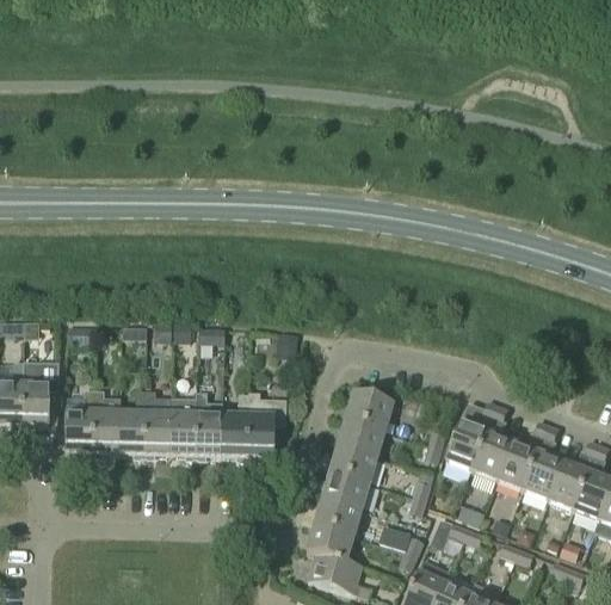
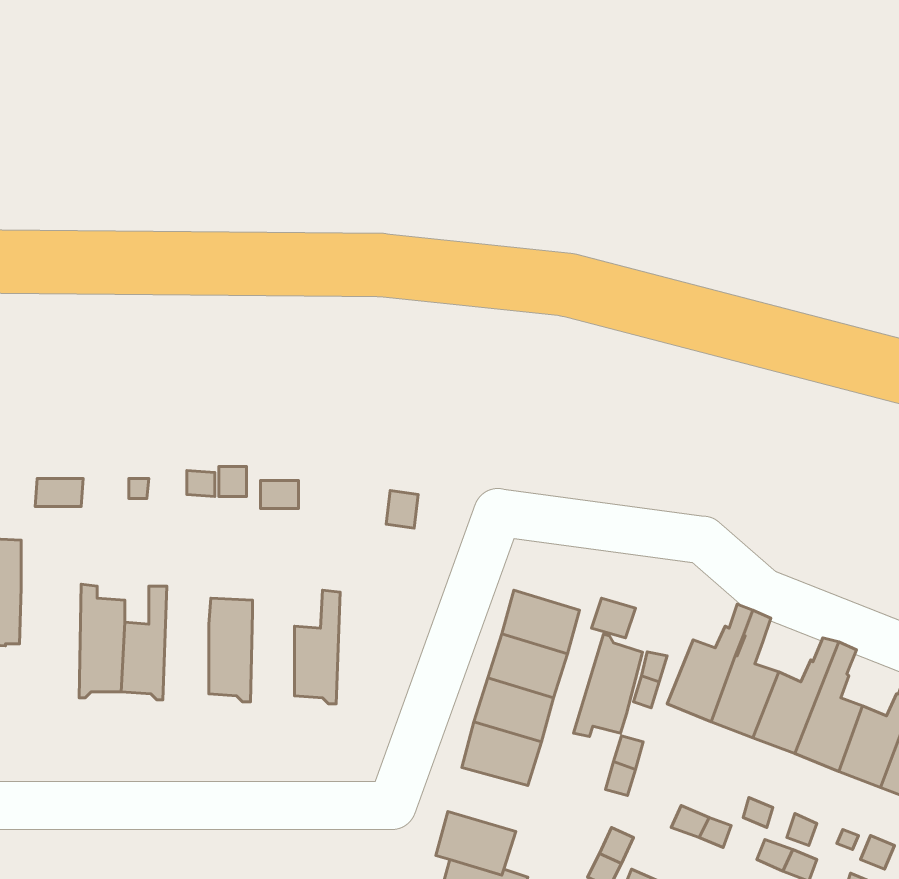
building: [64,390,93,458] -> none
building: [142,391,171,459] -> none
building: [195,394,222,461] -> none
building: [246,395,284,462] -> none
building: none -> [574,634,642,736]
building: [313,500,360,538] -> none

